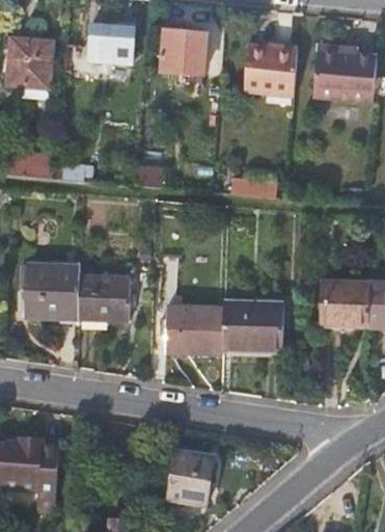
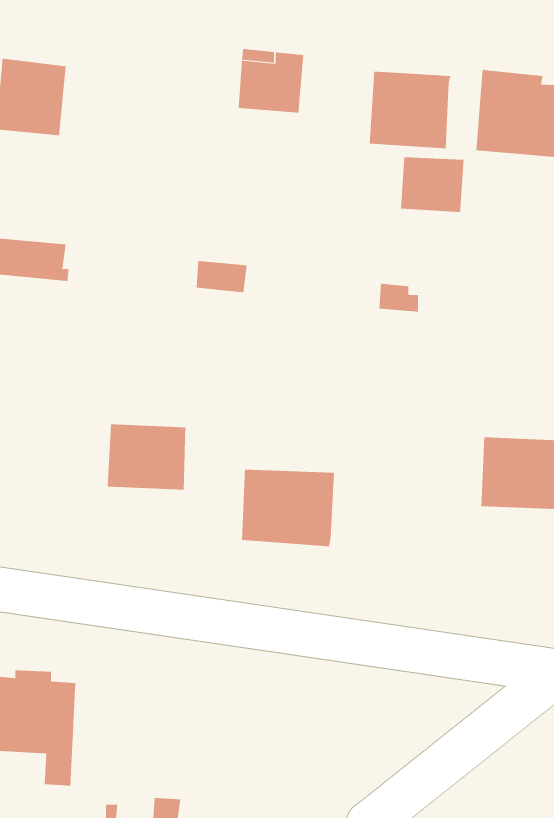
building: [63,22,135,75] -> none
building: none -> [400,157,464,213]
building: [25,259,80,314] -> none
building: [222,301,281,348] -> none
building: [165,451,215,507] -> none

